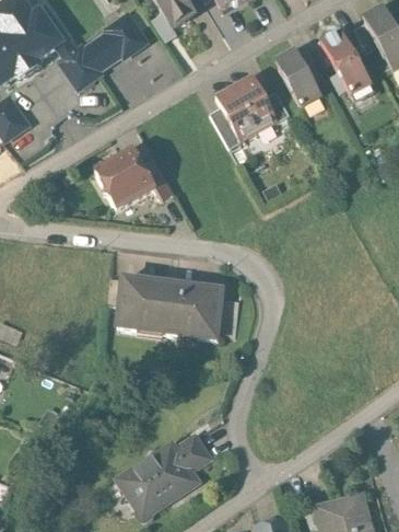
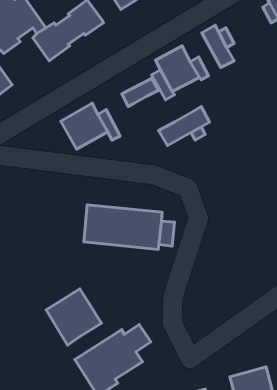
building: [320,24,367,83] -> none
building: none -> [122,78,158,106]
building: none -> [158,106,210,146]
building: none -> [46,289,101,345]

